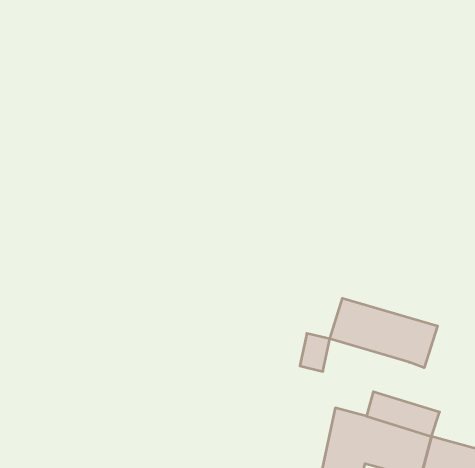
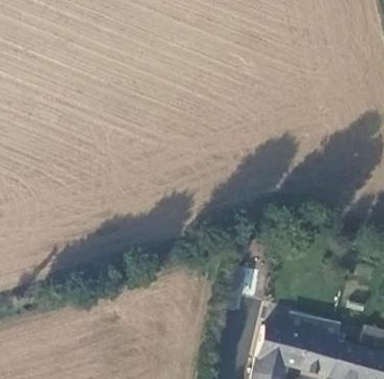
building: [330,298,438,368] -> none

